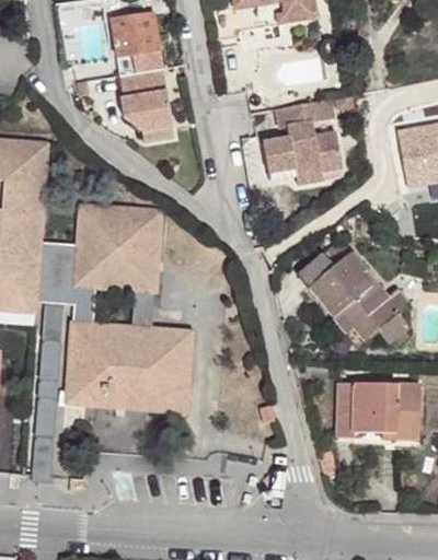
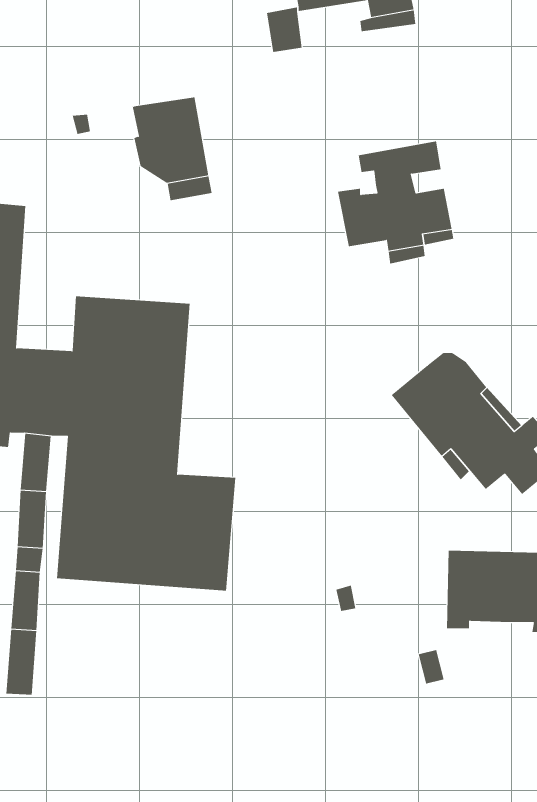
building: [110,12,162,74] -> none

